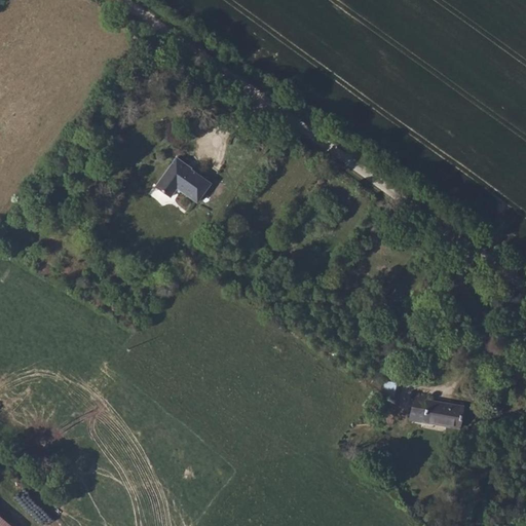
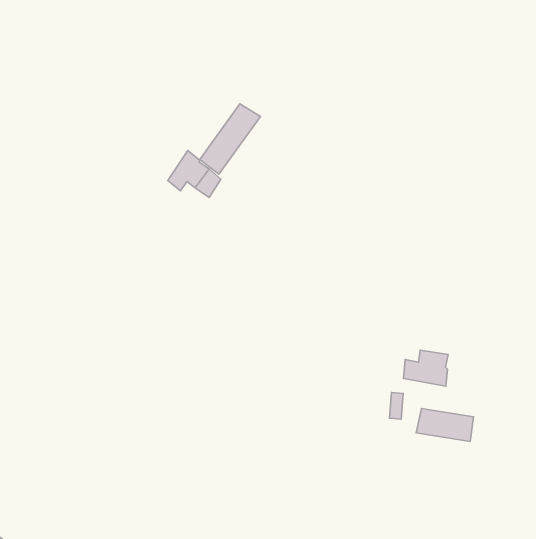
building: none -> [200,104,260,174]
building: none -> [404,350,448,386]

